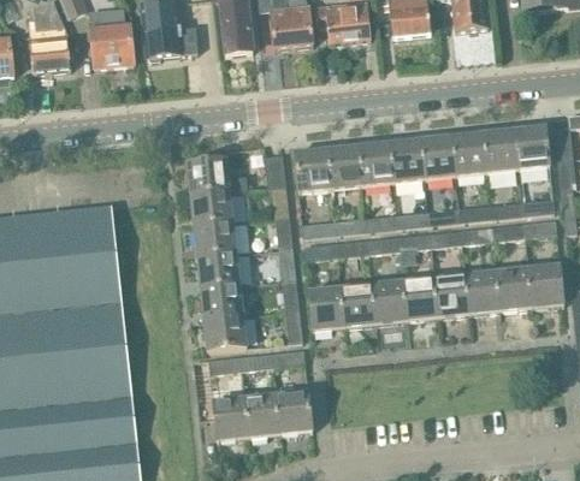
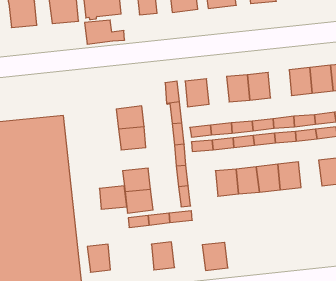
building: [419,136,454,178] -> none
building: [326,146,360,188] -> none
building: [187,159,247,195] -> [85,20,125,44]
building: [197,253,238,287] -> [99,186,127,209]
building: [464,272,499,313] -> none
building: [308,287,343,329] -> none
building: [273,391,312,433] -> [202,242,228,270]
building: [212,398,247,440] -> [87,244,110,272]

